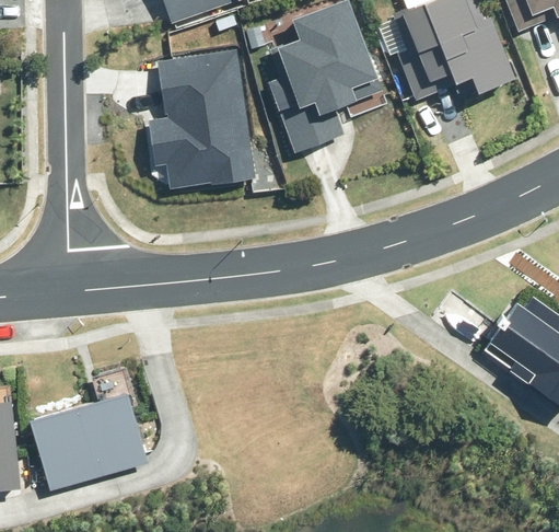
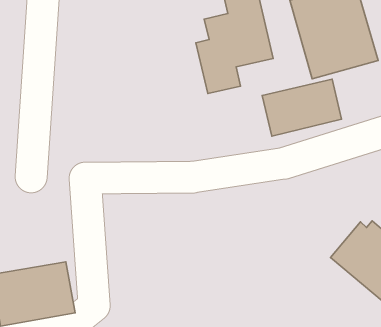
building: [149,48,254,187] -> none
building: none -> [262,79,341,136]

